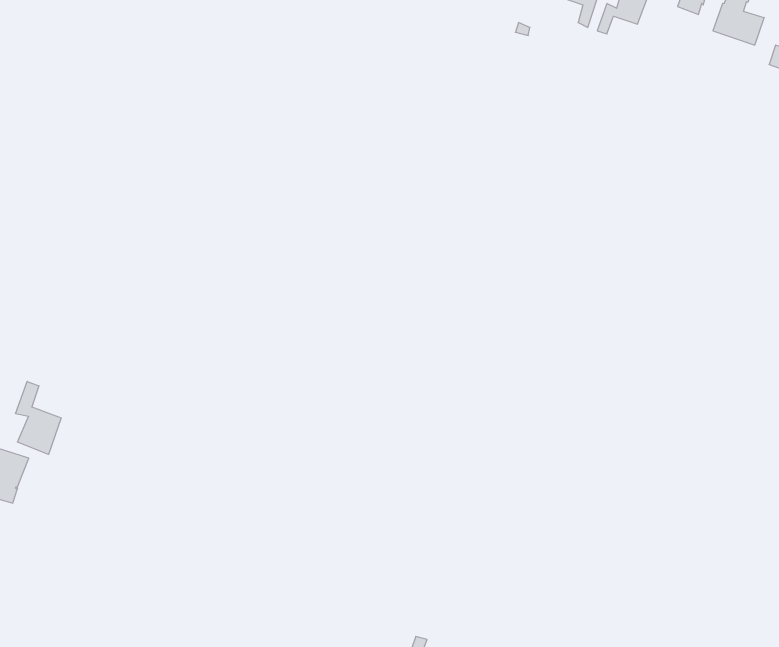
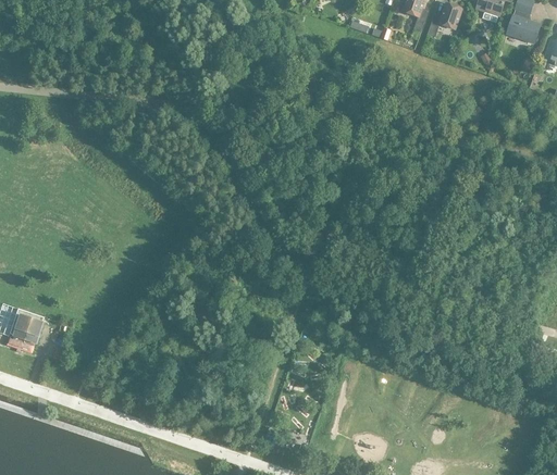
building: [16,381,61,454] -> none

